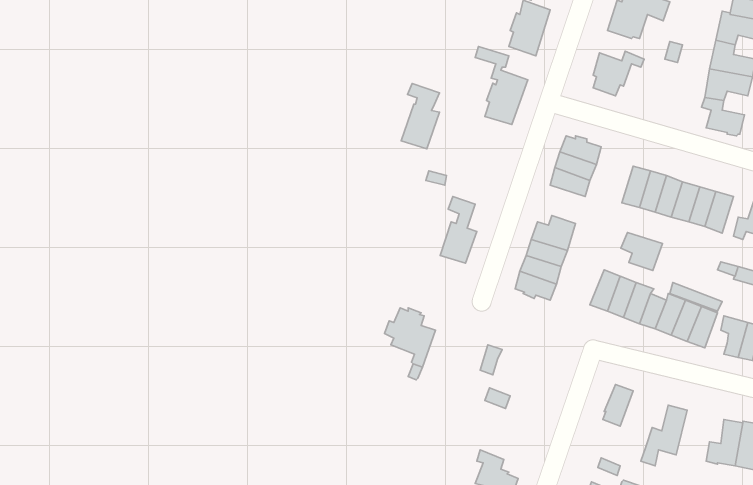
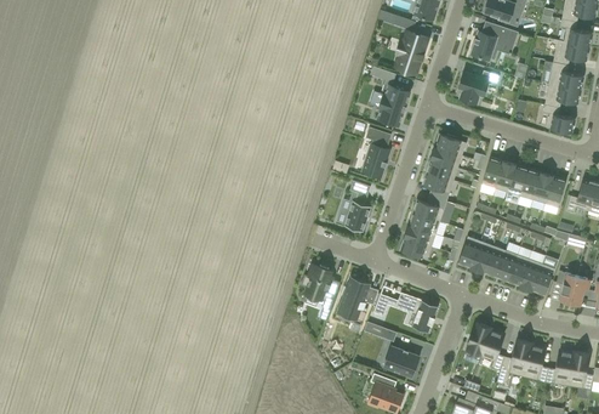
building: [401,83,439,149] -> [361,129,390,178]
building: [621,232,662,271] -> [422,172,453,202]
building: none -> [337,278,378,319]
building: none -> [395,293,438,333]
building: none -> [480,329,504,372]
building: none -> [523,344,548,382]
building: none -> [383,346,420,378]

